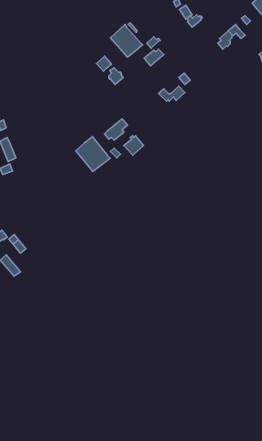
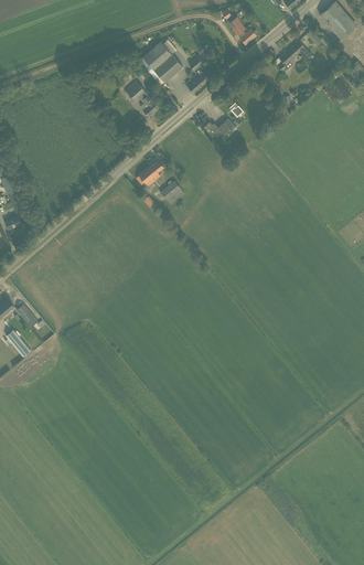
building: [76,137,110,171] -> none

